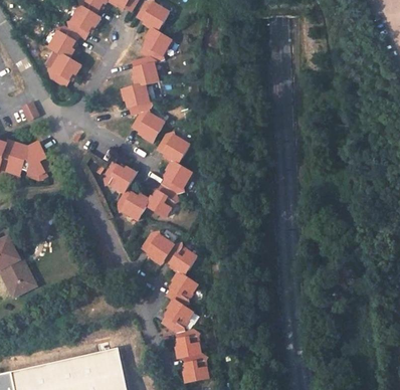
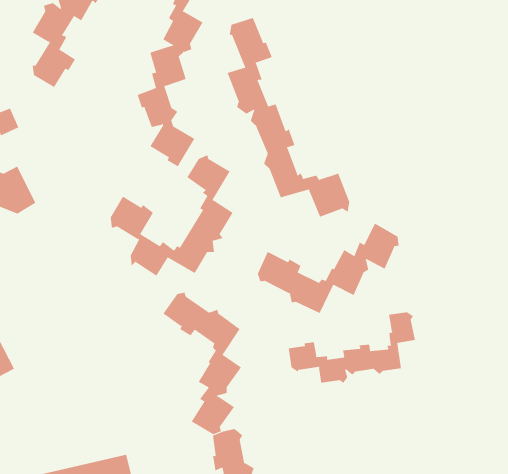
building: none -> [227,17,350,218]
building: none -> [257,223,399,314]
building: none -> [288,312,415,384]

